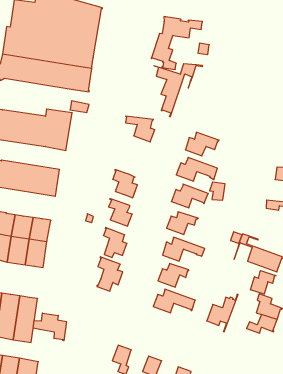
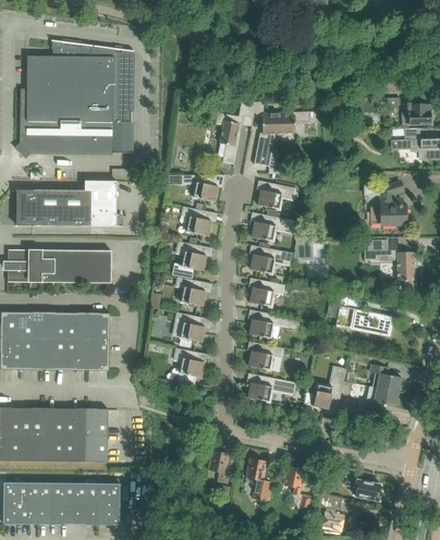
building: [151,17,202,69] -> [254,111,308,173]
building: none -> [182,206,211,236]
building: [251,271,276,294] -> none
building: [33,313,66,341] -> none

